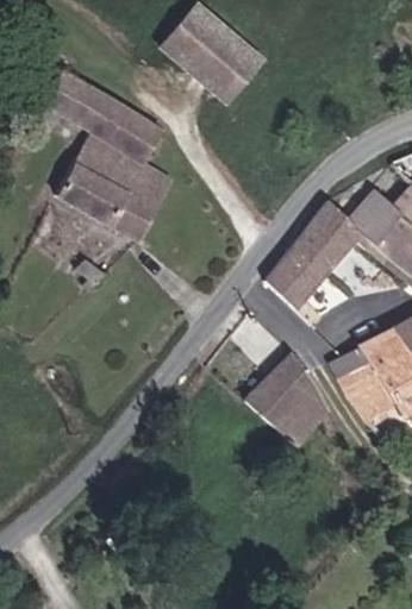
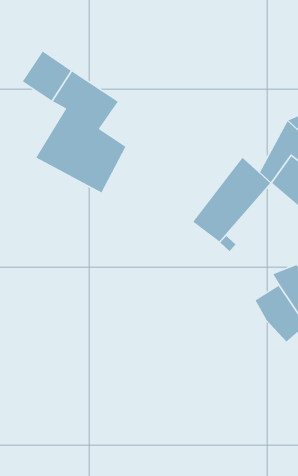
building: [157,11,256,105] -> none
building: [244,356,326,452] -> none

